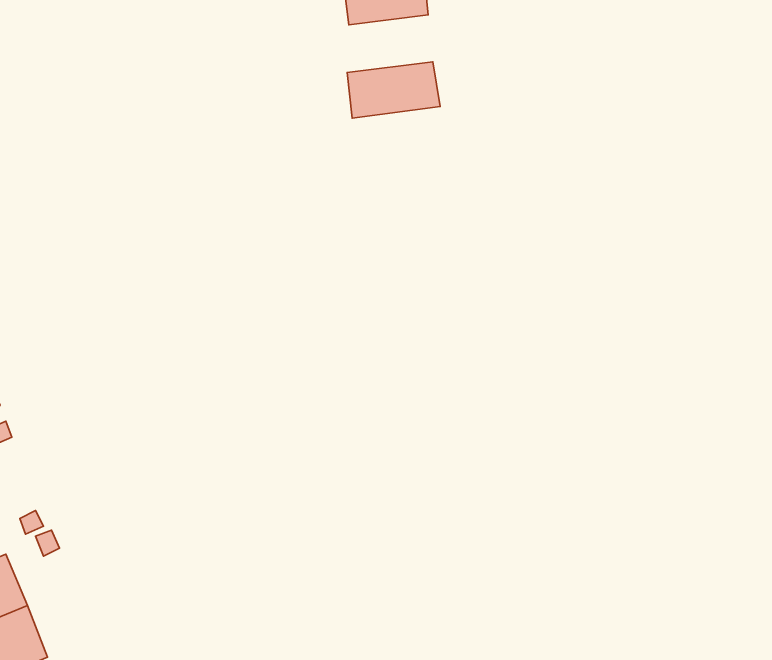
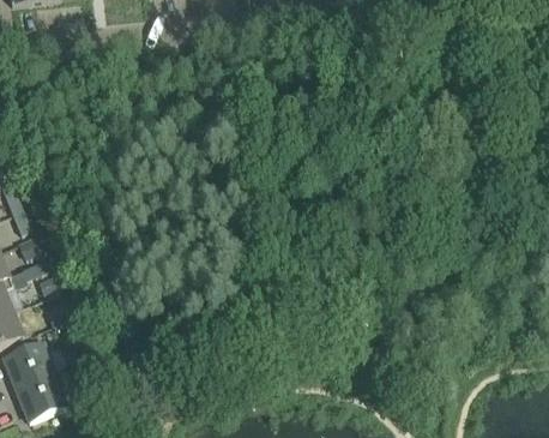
building: [347,62,440,118] -> none

